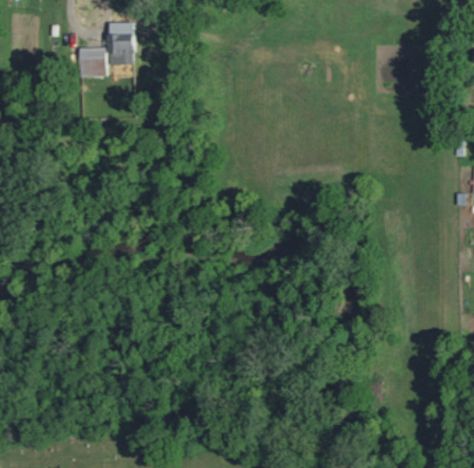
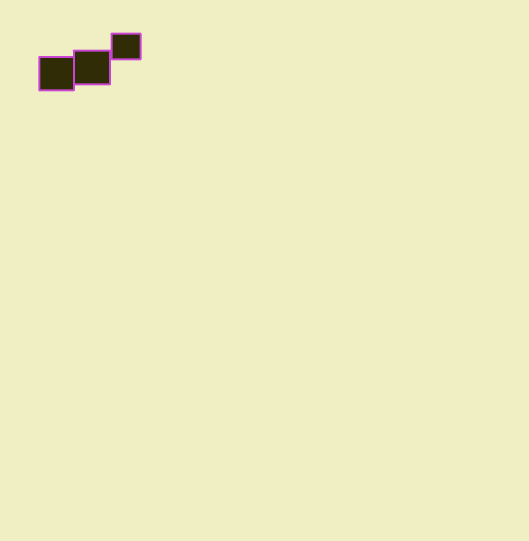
building: none -> [39,57,74,90]

